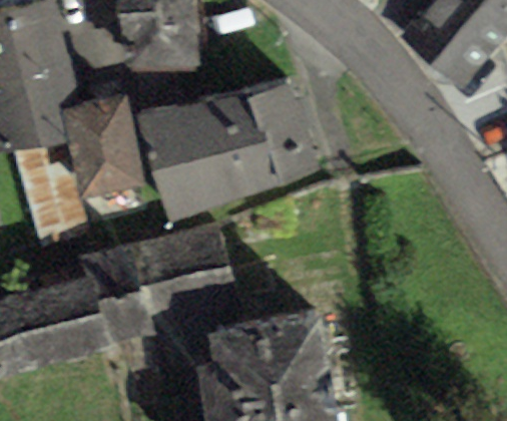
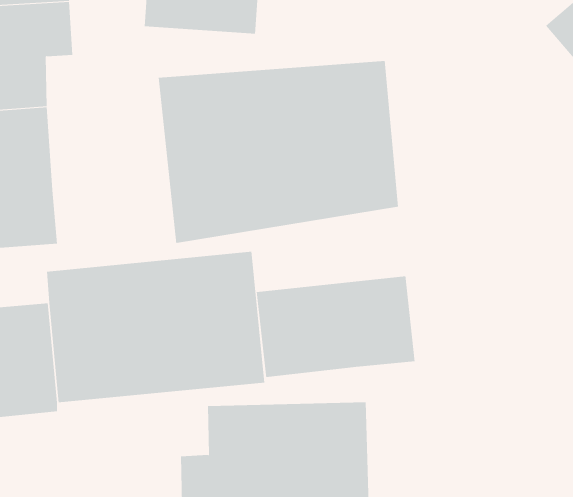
building: [60,95,143,199] -> none
building: none -> [256,276,415,378]

